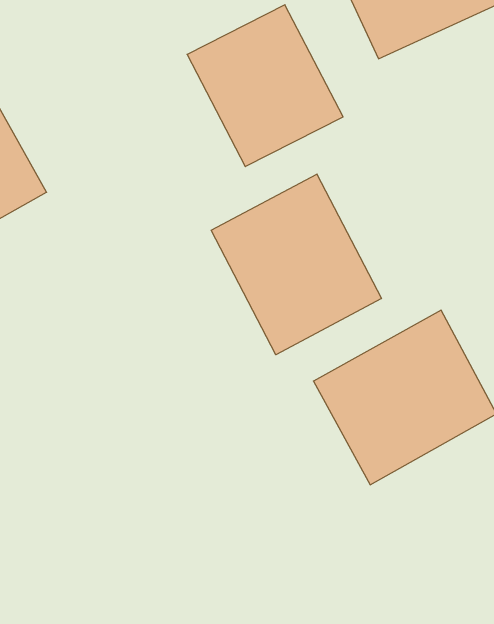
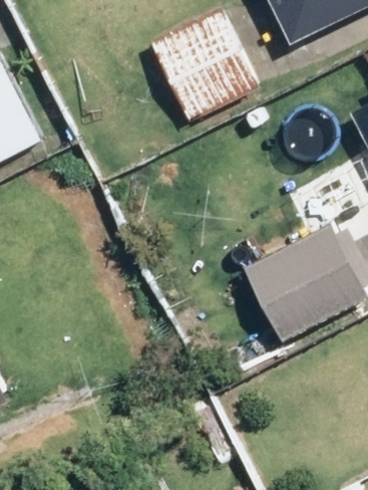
building: [211,174,381,355] -> none

